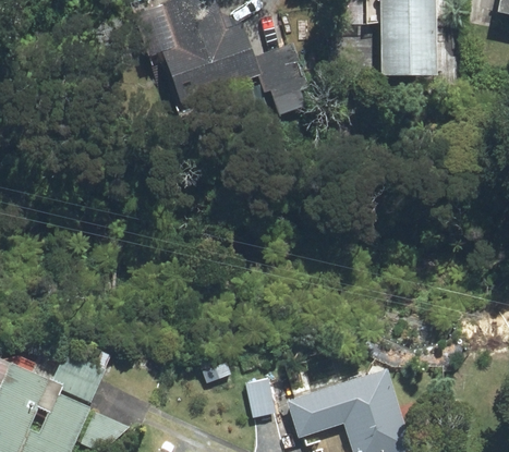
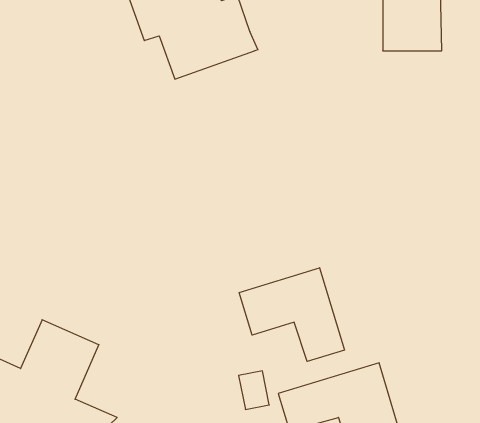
building: [256,41,312,113] -> none
building: none -> [239,268,345,361]

